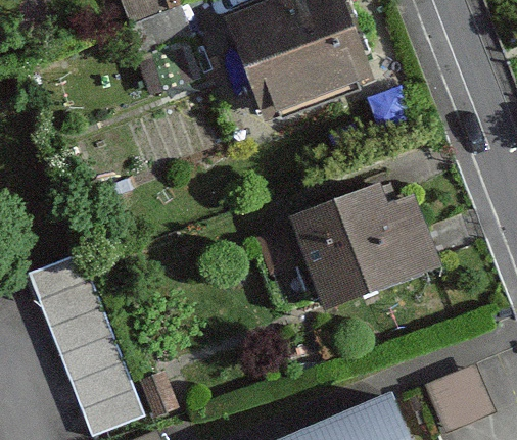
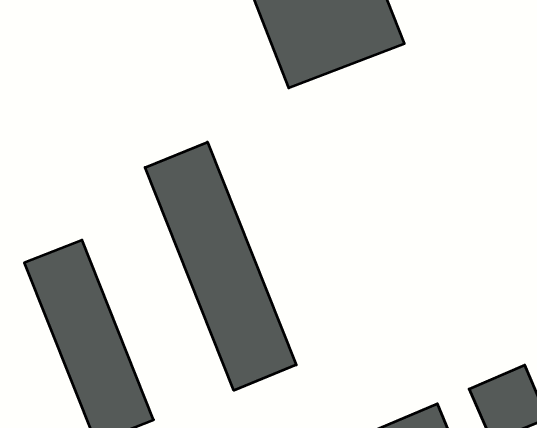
building: none -> [145,142,296,390]
building: [290,185,437,307] -> none

